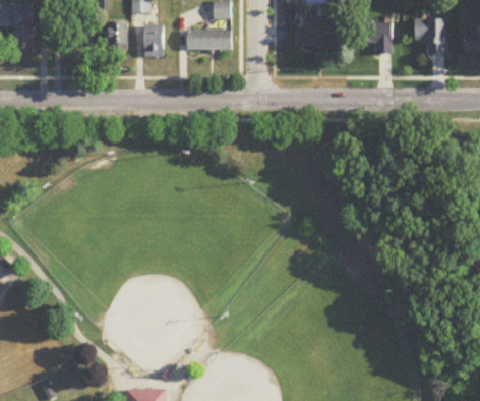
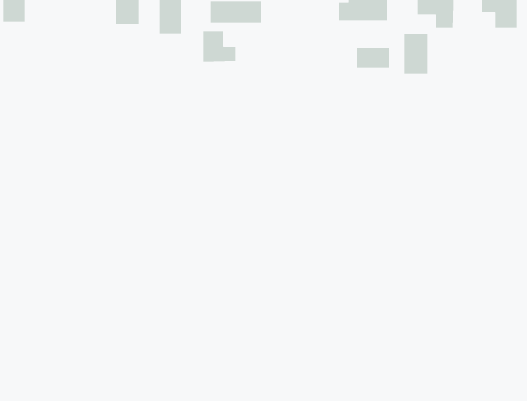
building: none -> [203,31,236,63]
building: none -> [403,33,428,75]
building: none -> [356,47,390,69]

